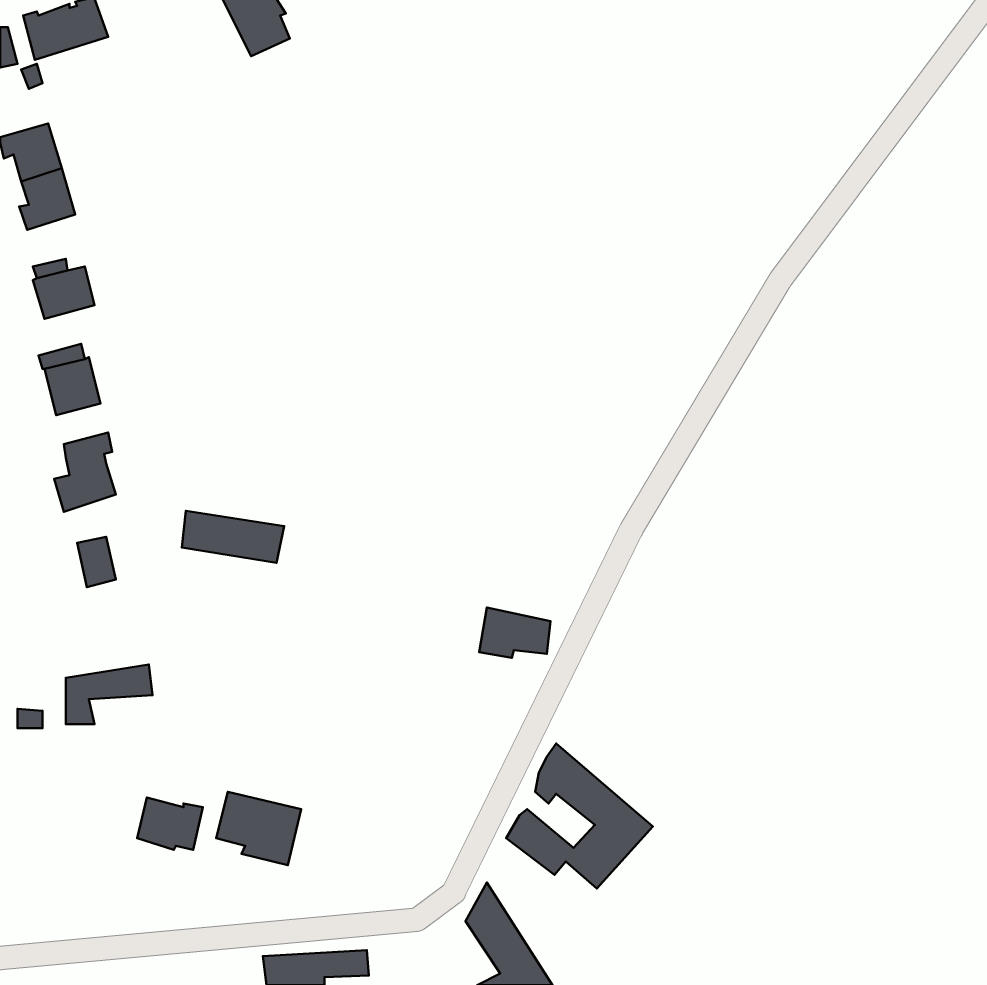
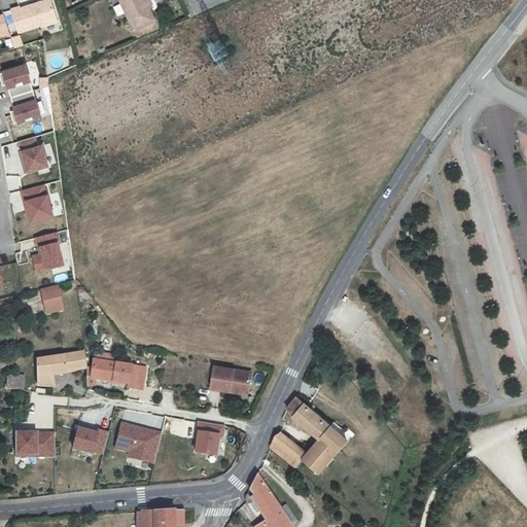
building: [182,511,284,563] -> [89,360,143,388]
building: [479,608,551,658] -> [214,363,252,390]
building: none -> [196,421,225,453]
building: none -> [16,431,54,455]

